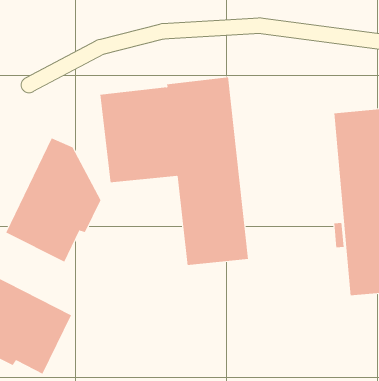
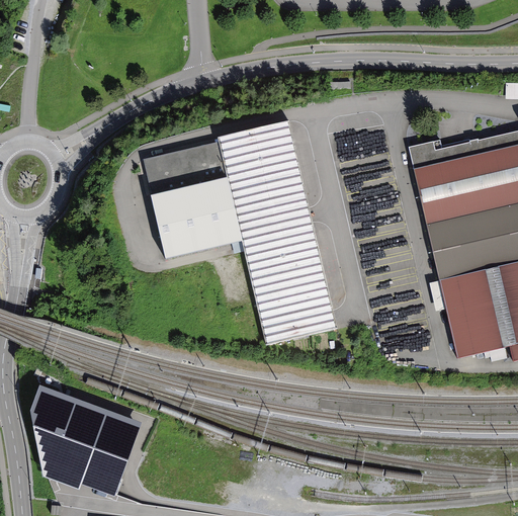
building: [6,137,101,262] -> none

